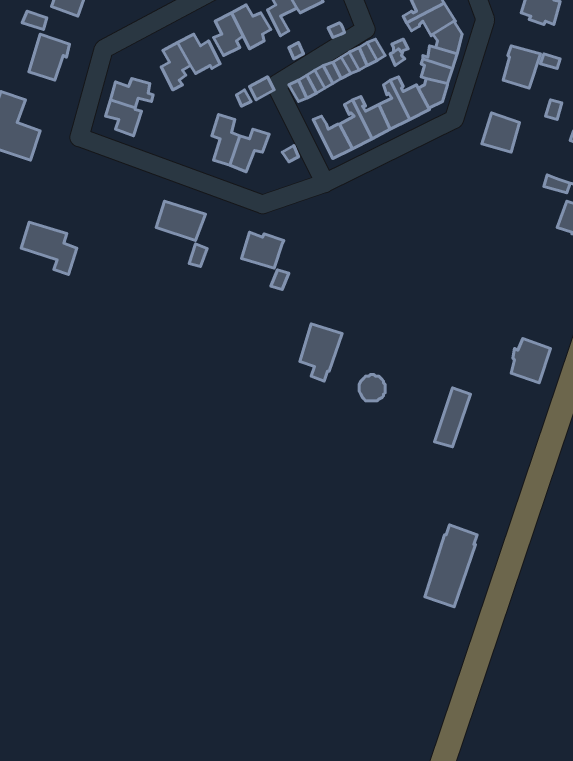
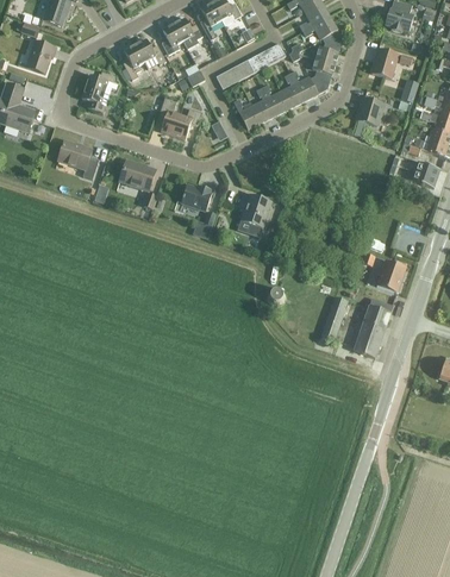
building: [21,222,77,274] -> [56,140,96,178]
building: [300,324,342,381] -> [239,193,270,234]
building: [425,525,477,607] -> [352,299,390,358]

